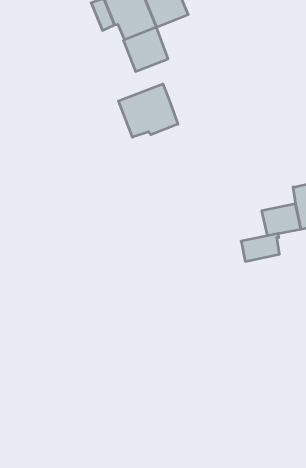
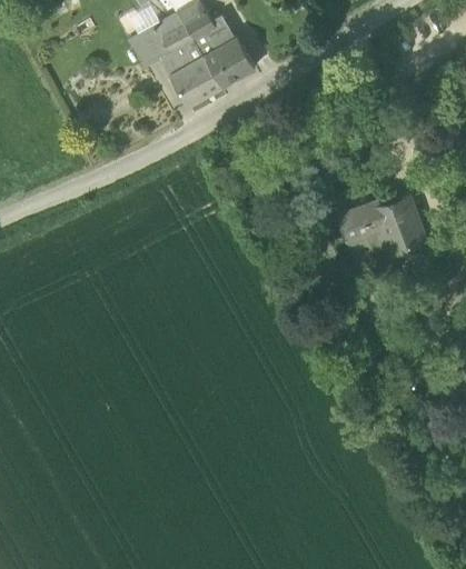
building: none -> [205,36,257,88]
building: [118,84,178,137] -> none
building: [241,233,279,261] -> [340,201,384,237]

